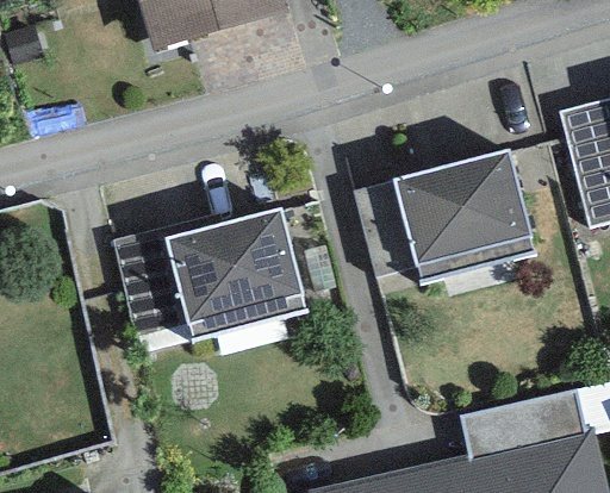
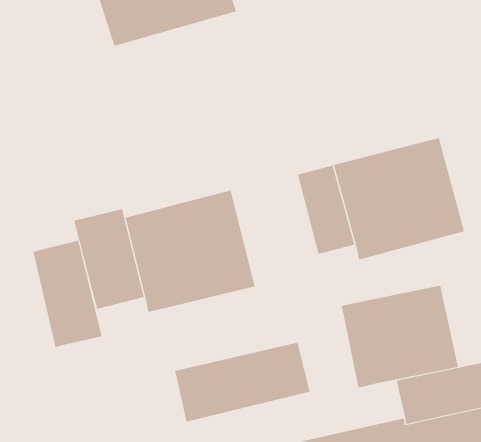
building: none -> [33,240,102,348]
building: none -> [341,285,458,388]
building: none -> [174,342,310,423]

